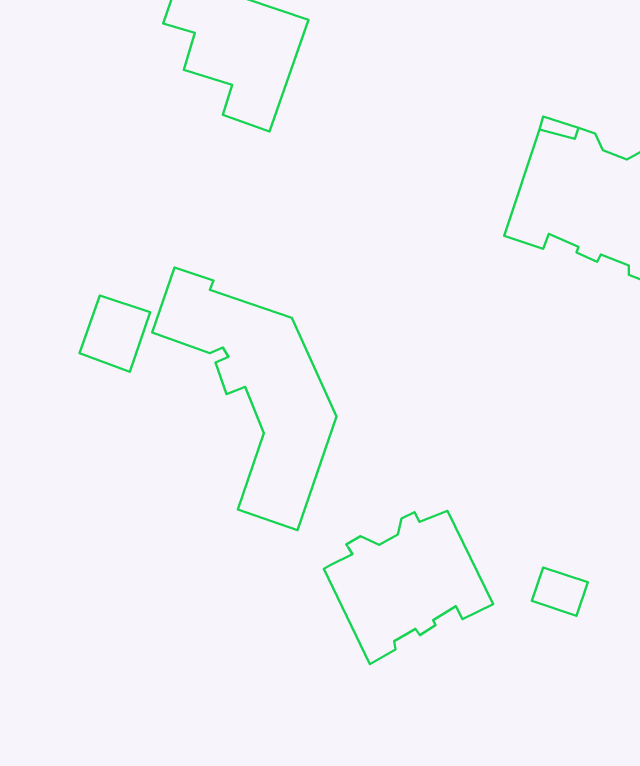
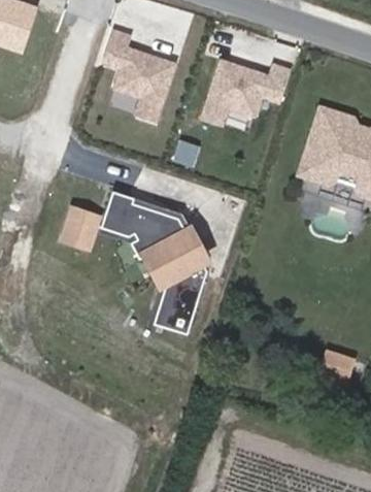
building: none -> [206,50,299,124]
building: [324,511,493,664] -> none

